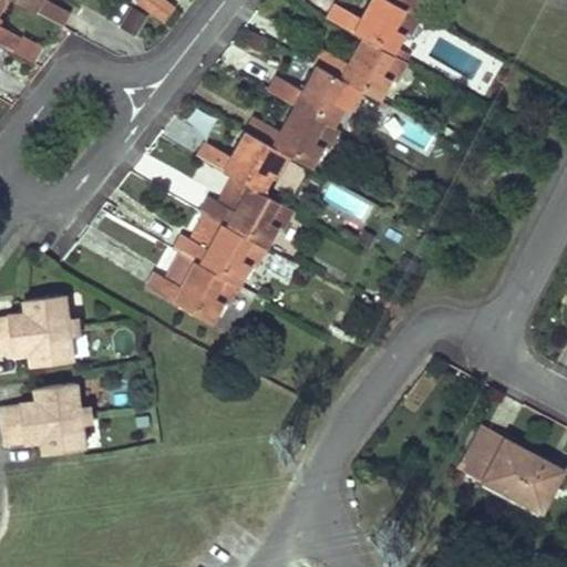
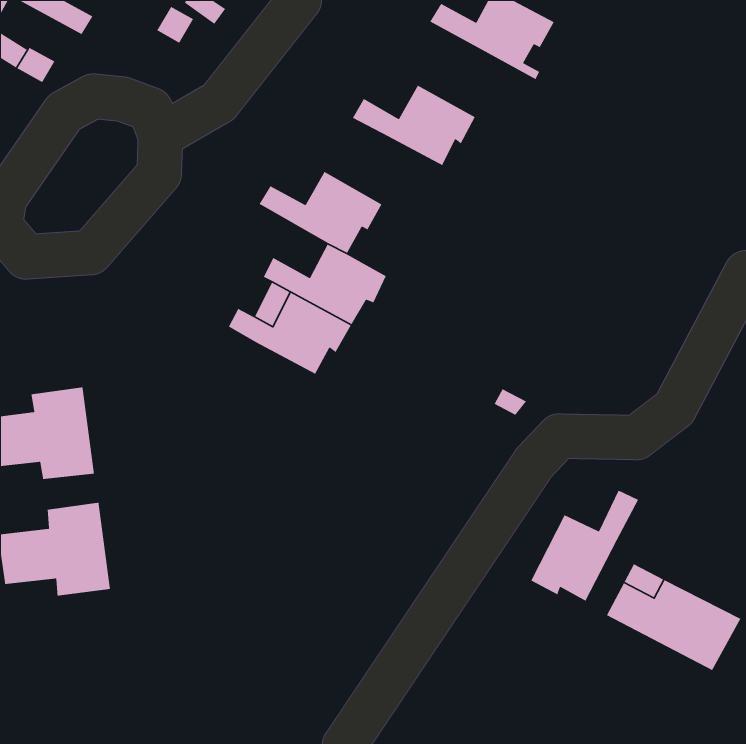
building: [313,38,408,101] -> none
building: [246,105,340,168] -> none
building: [145,261,239,323] -> none
building: none -> [530,489,639,602]

